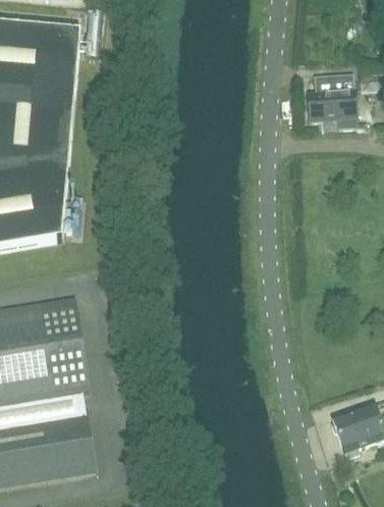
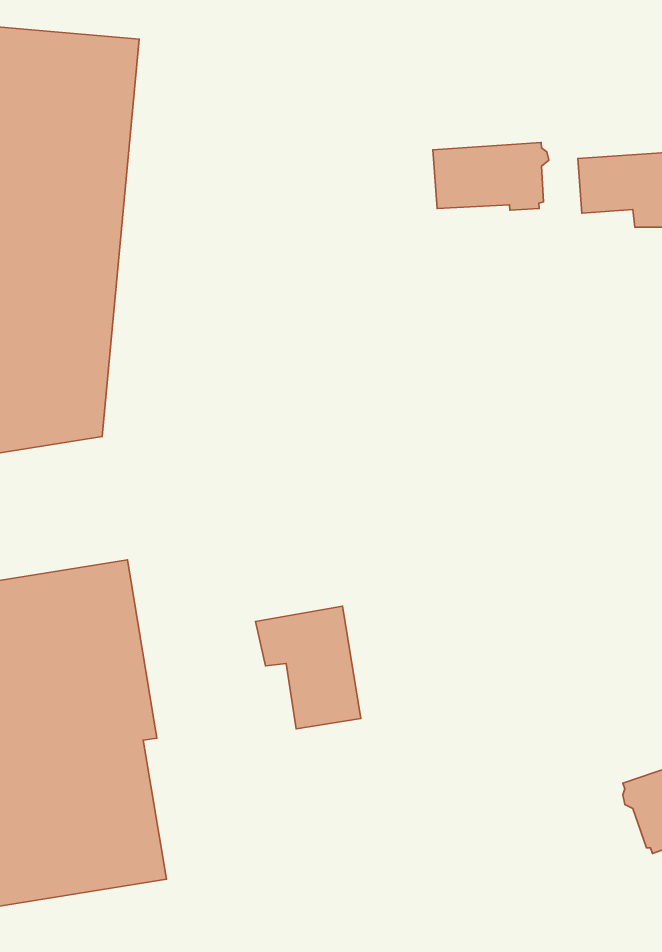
building: none -> [433,143,549,210]
building: none -> [255,606,361,729]

